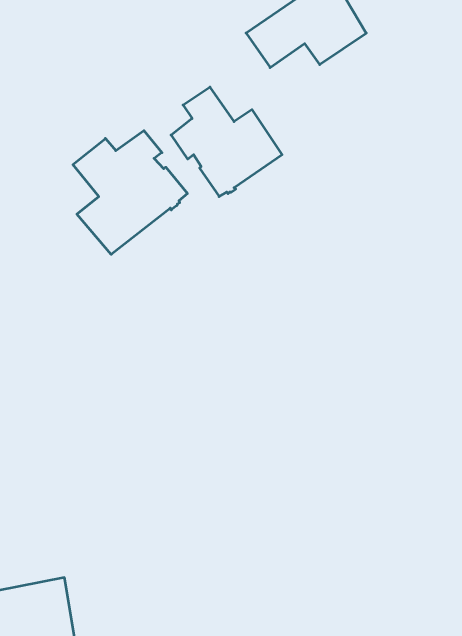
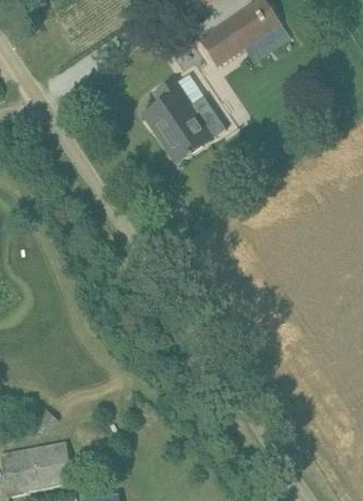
building: [73,131,187,254] -> none

